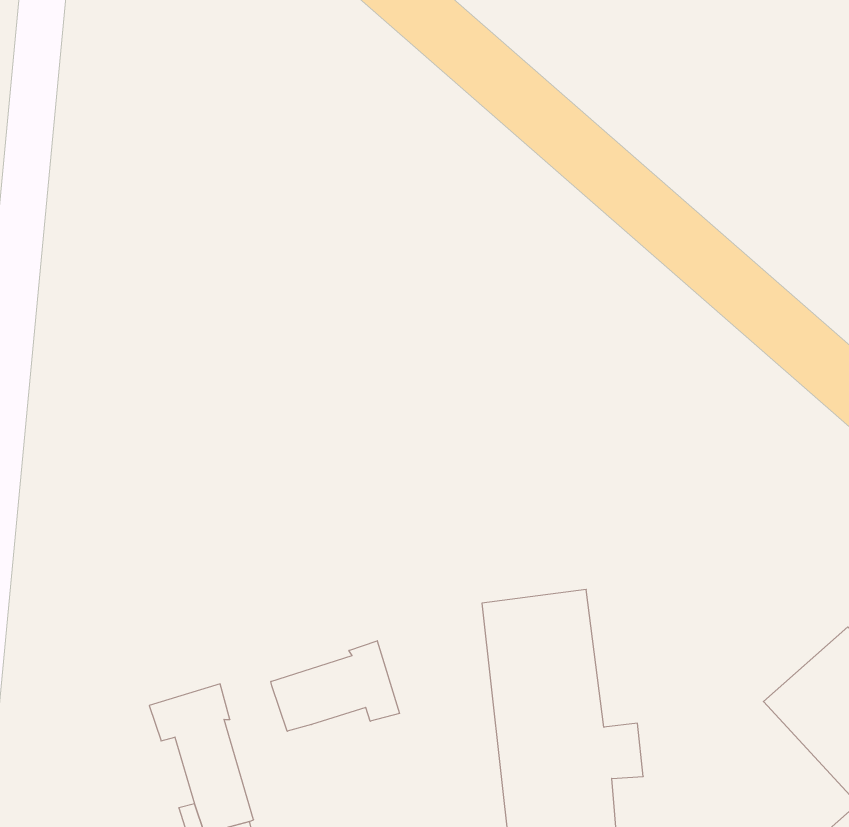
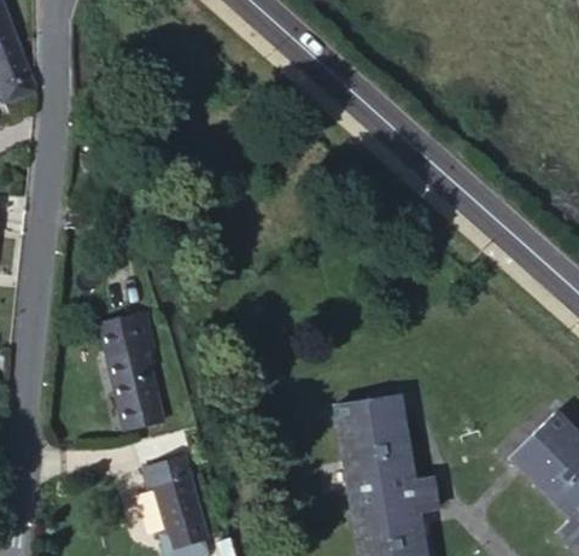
building: none -> [96,308,162,421]
building: [271,641,400,731] -> none

